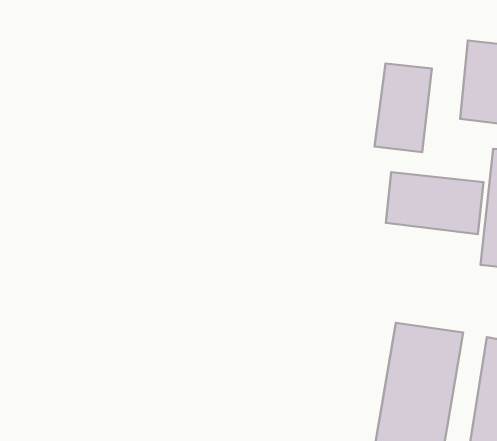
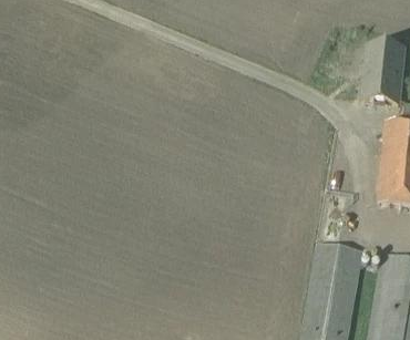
building: [375,63,432,152] -> none
building: [386,172,484,234] -> none

